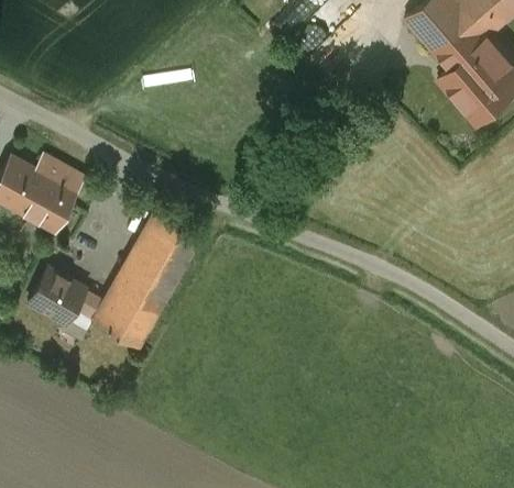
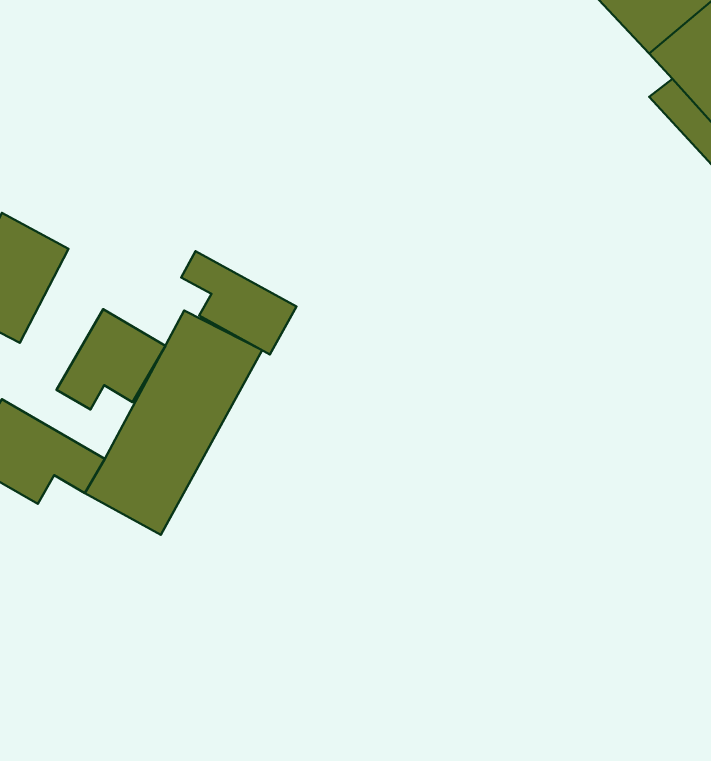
building: none -> [181,251,296,354]
building: none -> [56,309,165,410]

